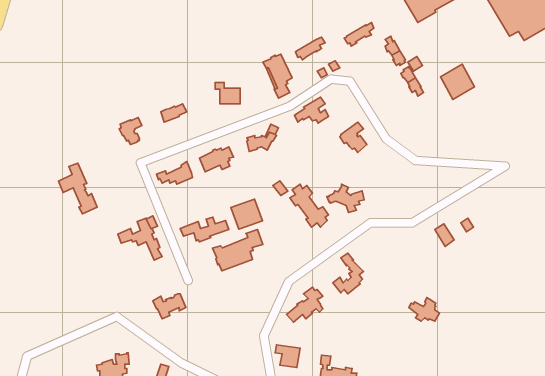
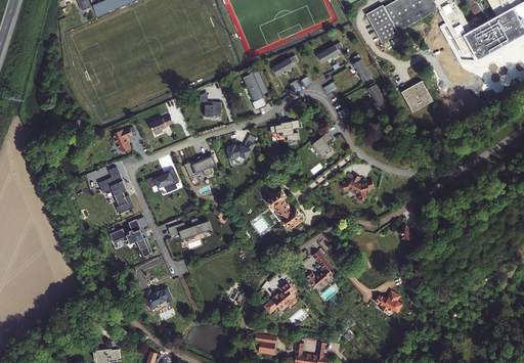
building: [59,163,97,214] -> [98,168,133,214]
building: [327,184,364,212] -> [340,175,374,200]
building: [231,199,262,229] -> none
building: [212,229,263,271] -> none

